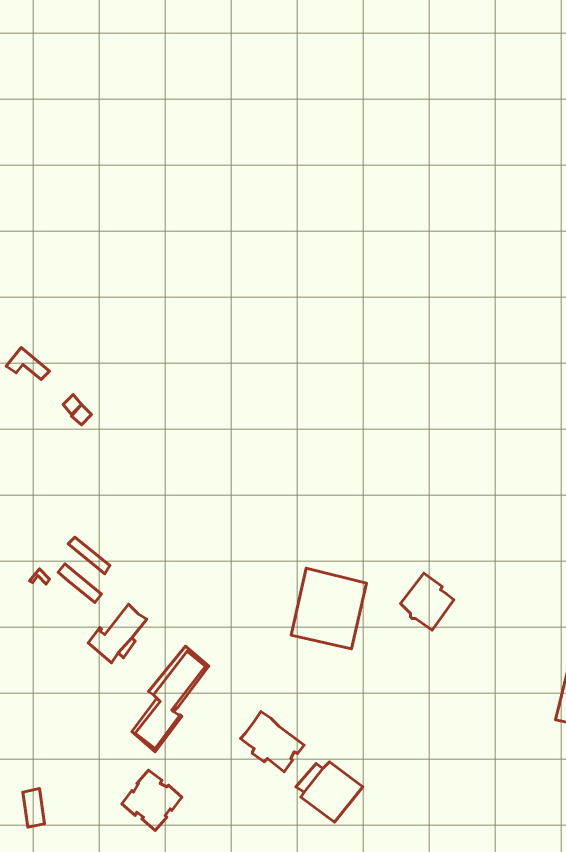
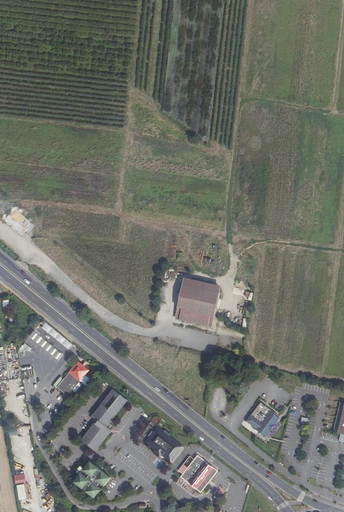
building: [291,568,367,649] -> [175,278,220,326]
building: [400,573,454,630] -> [246,403,278,437]

